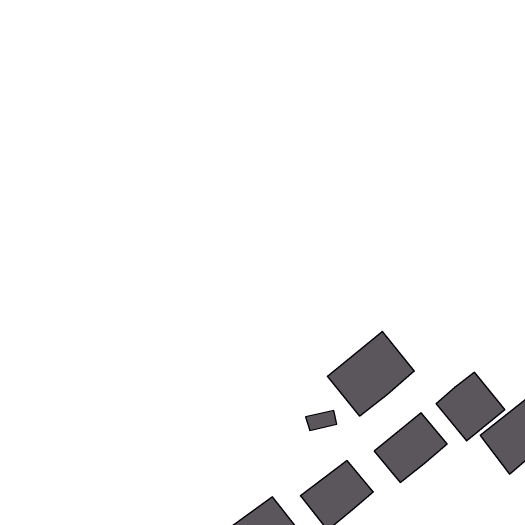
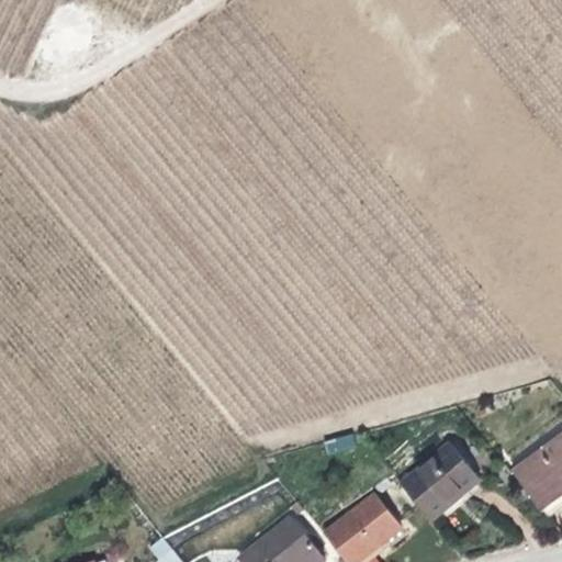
building: [327,331,414,416] -> none
building: [436,372,505,441] -> none

